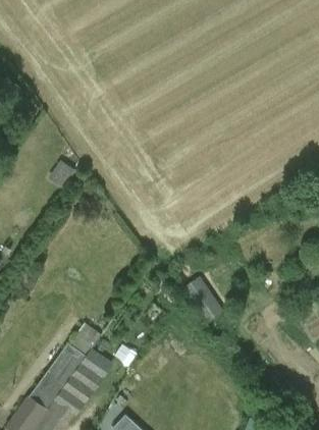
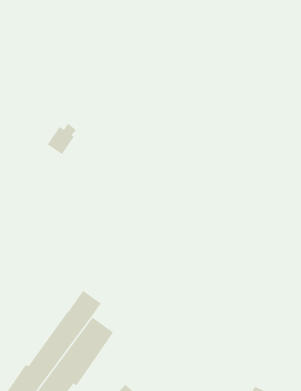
building: [184,276,223,323] -> none

